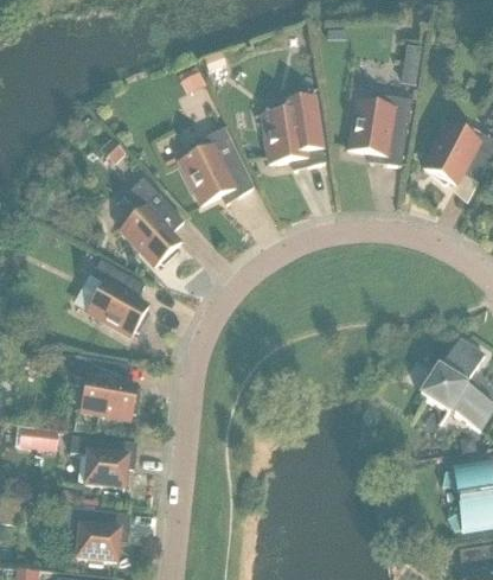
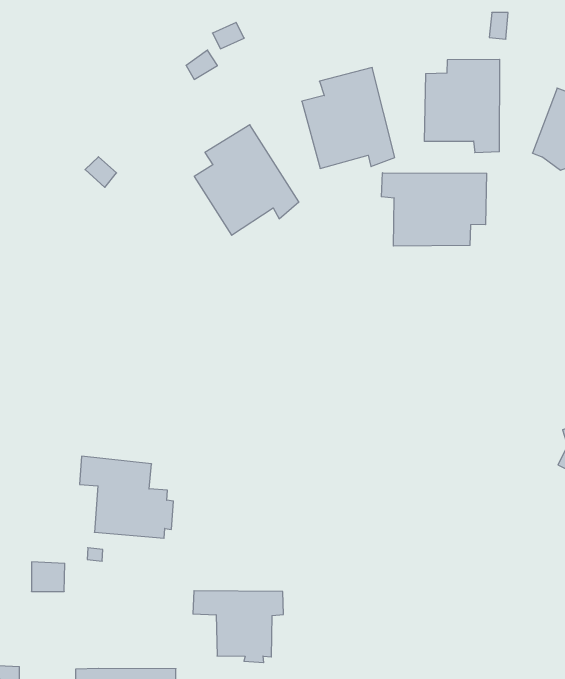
building: none -> [381,173,487,246]
building: [120,177,184,266] -> none
building: [87,259,148,336] -> none
building: [70,435,136,492] -> [193,591,283,663]

